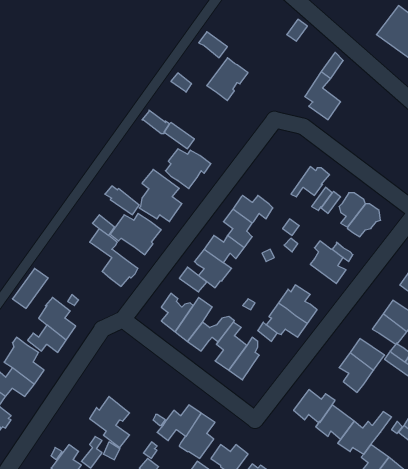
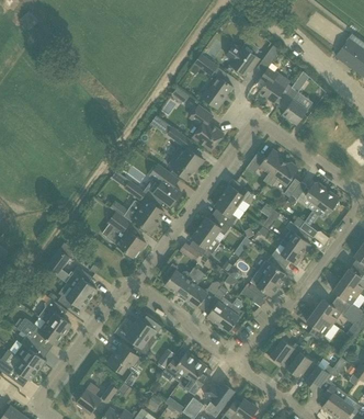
building: none -> [226,45,260,76]
building: none -> [259,67,285,103]
building: none -> [190,106,224,150]
building: none -> [247,150,283,184]
building: none -> [271,240,304,268]
building: none -> [126,316,162,356]

